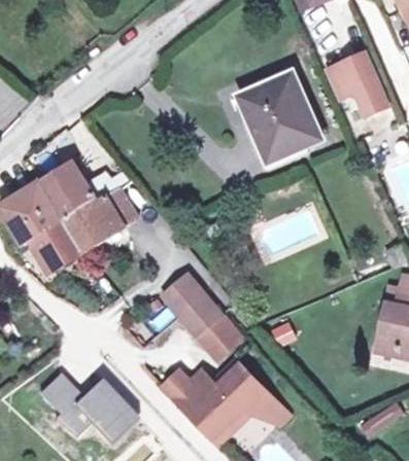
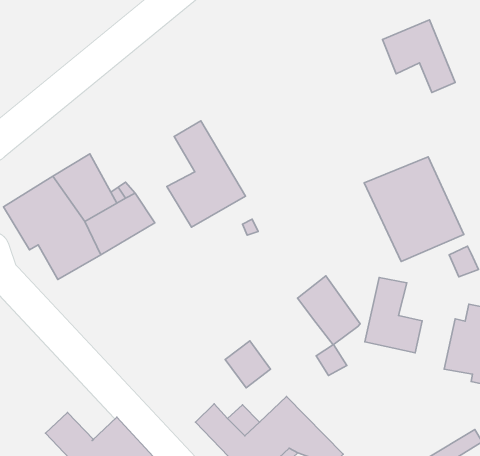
building: [238,68,321,155] -> [364,157,464,262]
building: none -> [167,121,245,227]
building: none -> [365,278,422,353]
building: [163,278,215,335] -> [297,276,360,345]

